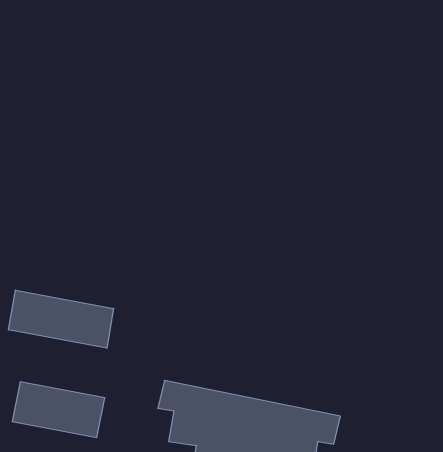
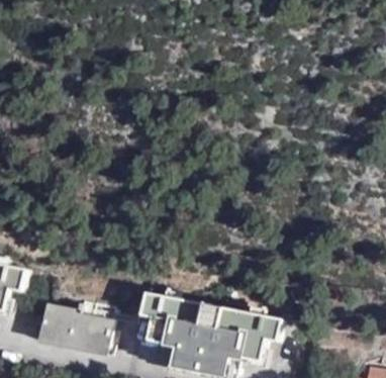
building: [9,290,114,348] -> none

